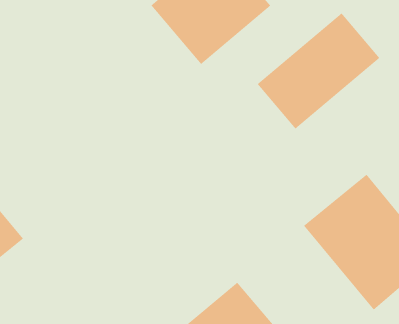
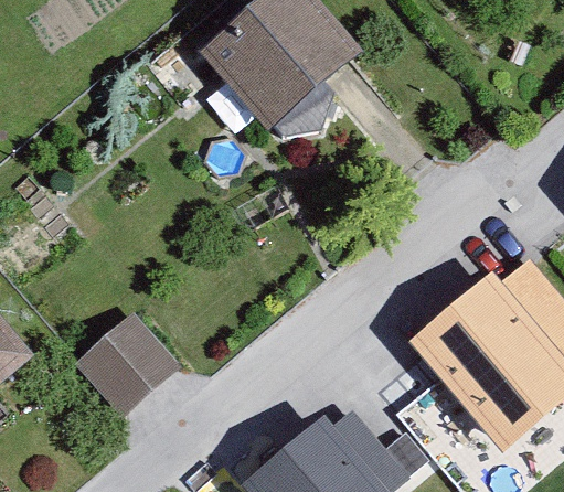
building: [257,12,380,130] -> none
building: none -> [86,317,183,411]

